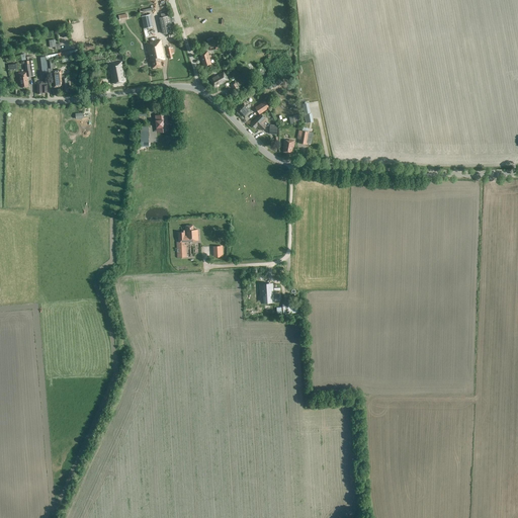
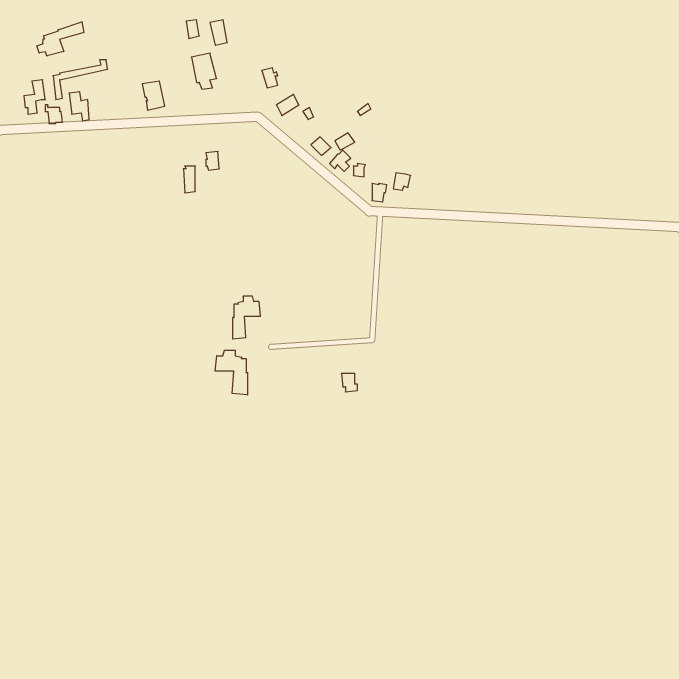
building: none -> [37,22,84,56]
building: none -> [215,350,248,395]

